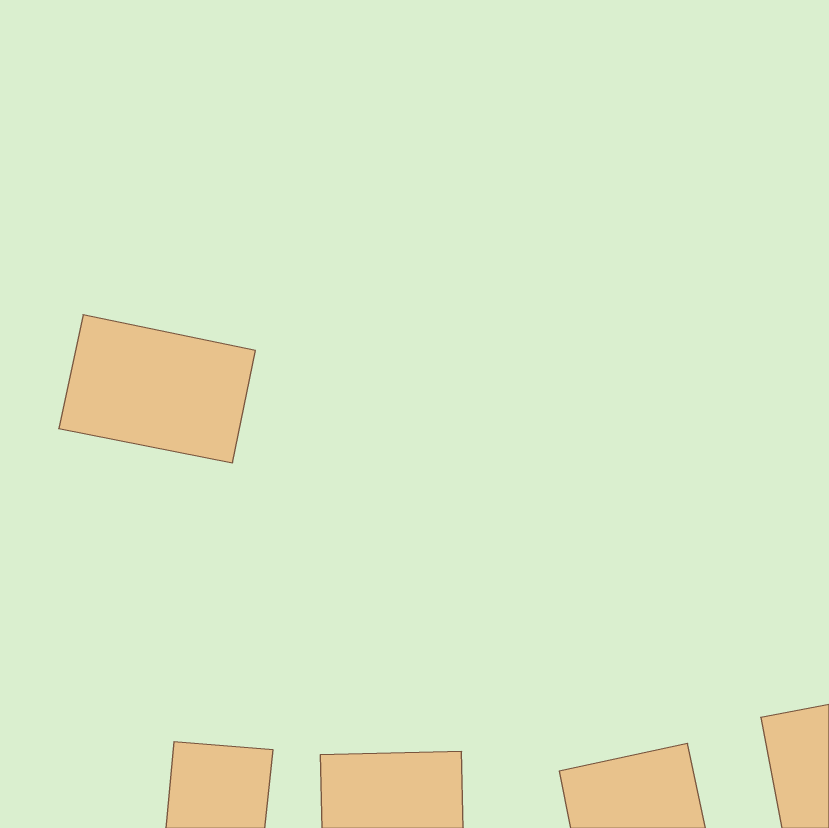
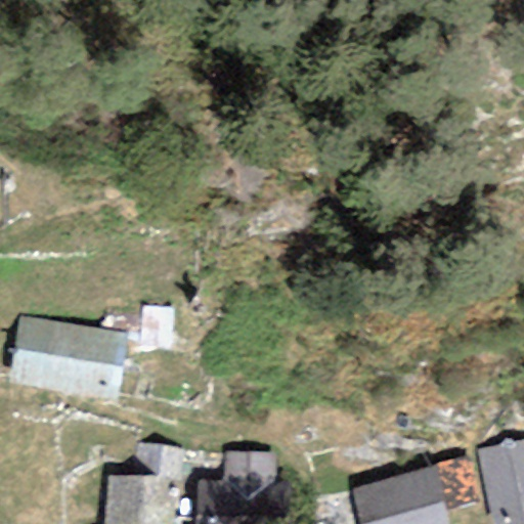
building: [59,315,255,463] -> [6,313,130,406]

